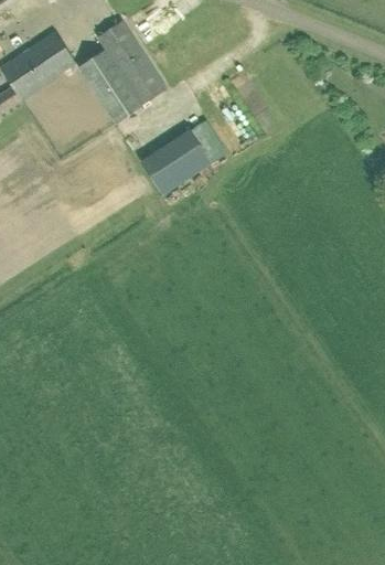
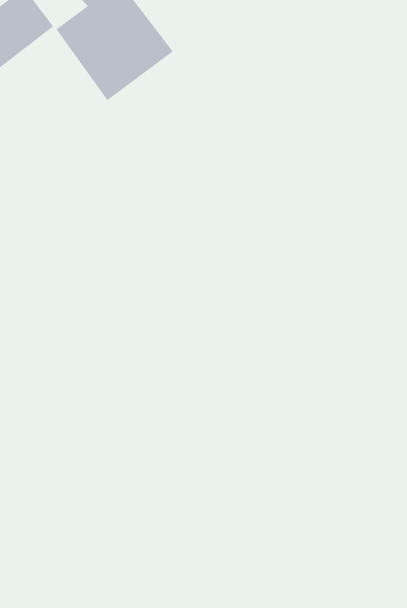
building: [148,131,214,189] -> none

